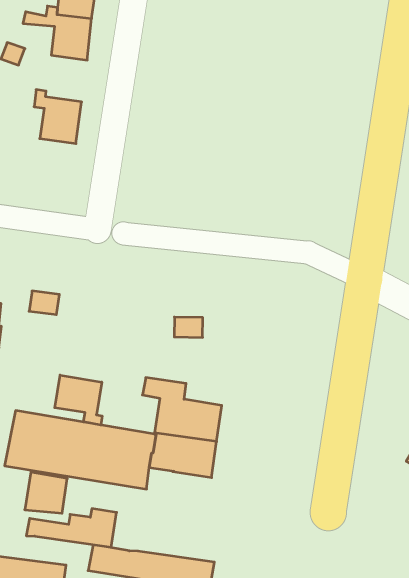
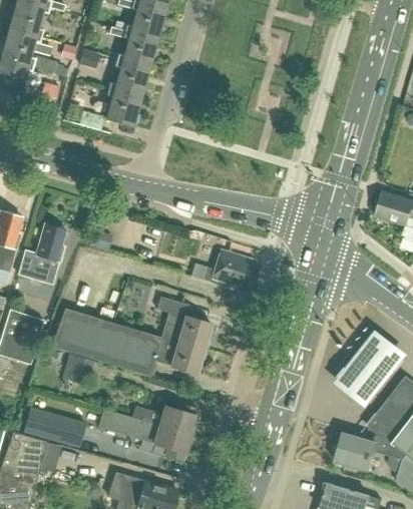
building: none -> [114,53,148,95]
building: none -> [211,250,254,288]
building: [55,375,102,425] -> none
building: [26,509,117,547] -> [131,405,197,434]

